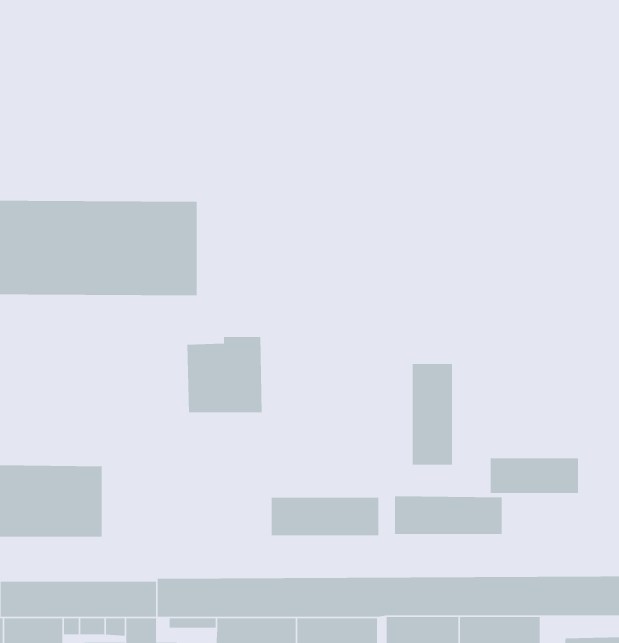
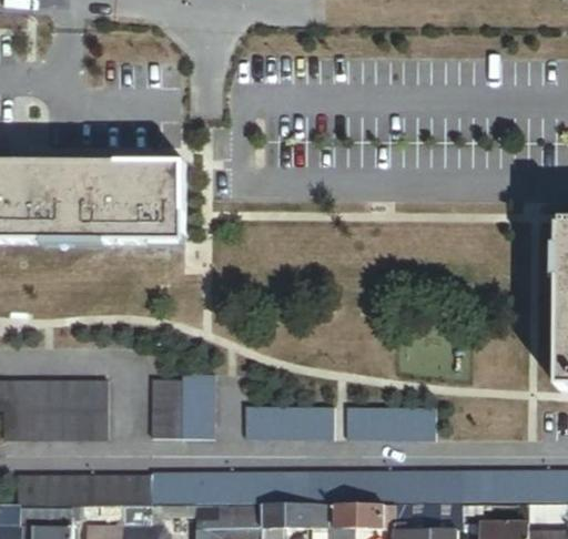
building: [187,336,263,413] -> [151,375,213,438]
building: [412,363,453,465] -> none
building: [490,457,579,494] -> none

